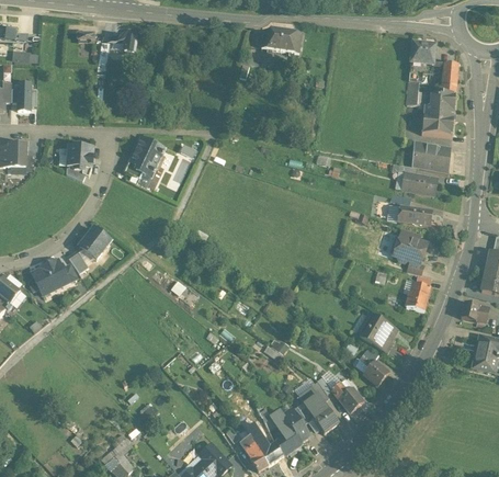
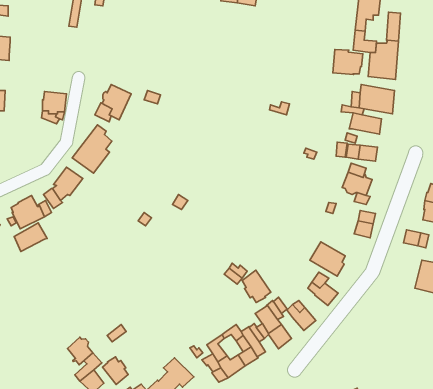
building: none -> [333,49,363,75]
building: none -> [72,125,112,173]
building: none -> [14,223,47,252]
building: none -> [242,270,271,303]
building: none -> [67,337,93,365]
building: none -> [103,357,128,384]

